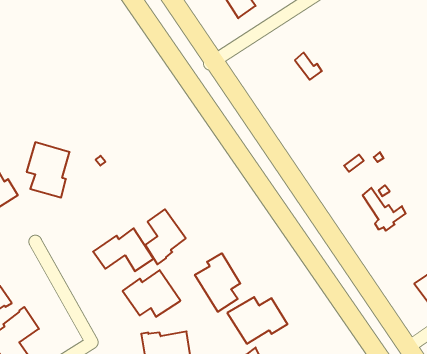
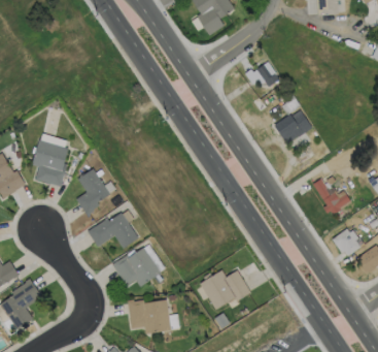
building: none -> [274,110,312,143]
building: [145,209,186,264] -> [76,169,110,216]
building: none -> [332,229,360,256]
building: [195,253,240,312] -> none

